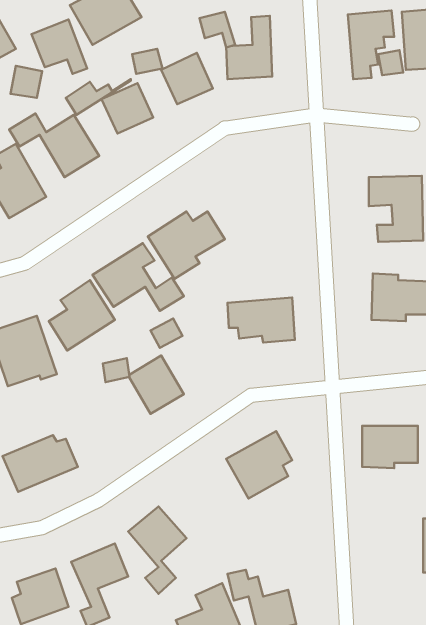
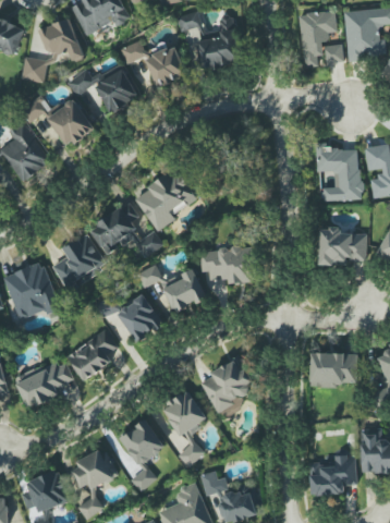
building: none -> [161,268,207,313]
building: none -> [66,328,118,381]
building: none -> [161,389,208,466]
building: none -> [308,454,357,496]

